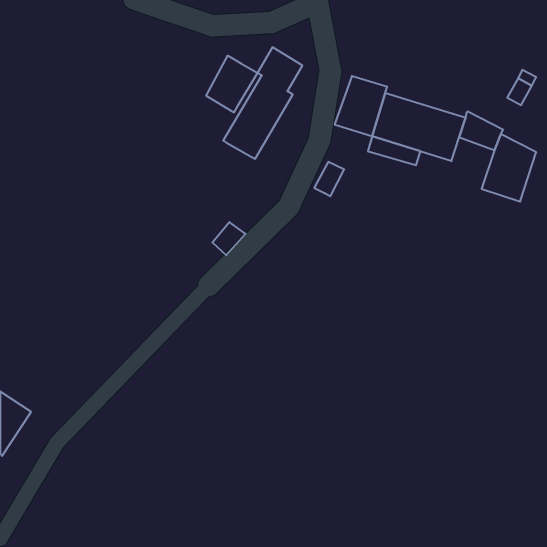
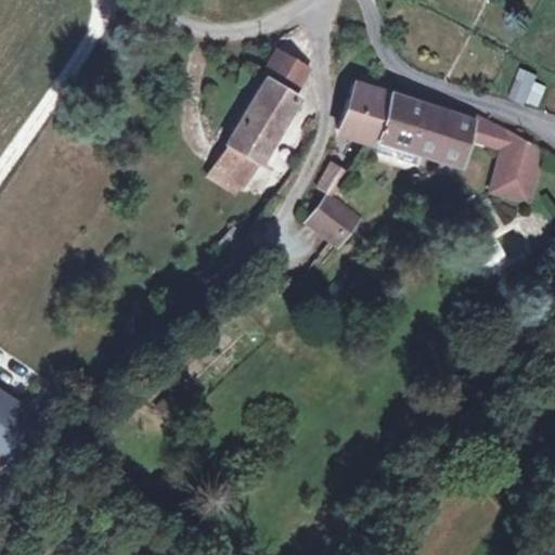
building: [206,56,257,112] -> none
building: none -> [211,144,255,190]
building: none -> [310,195,362,244]

